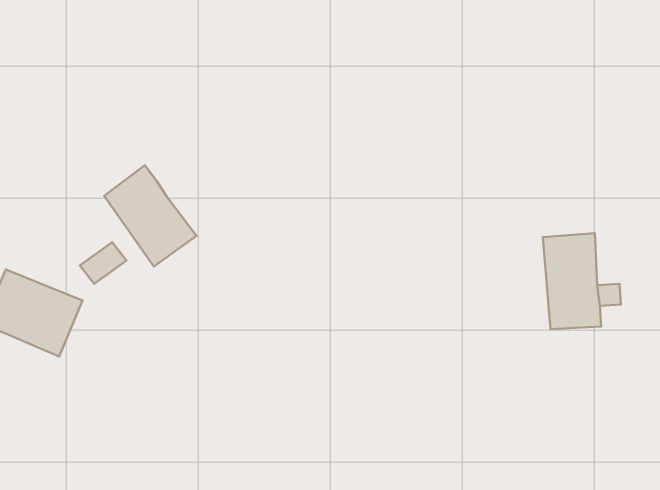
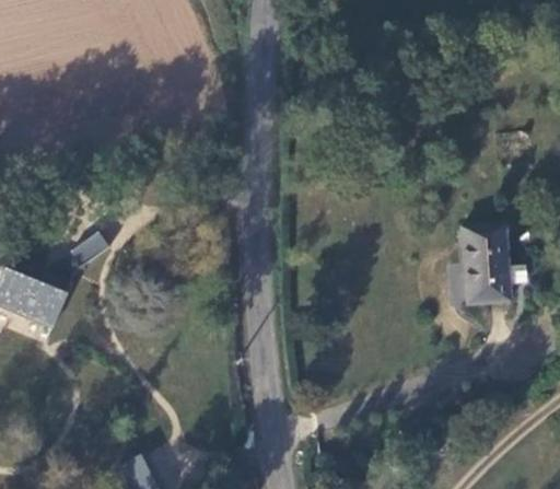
building: [104,165,197,267] -> none

